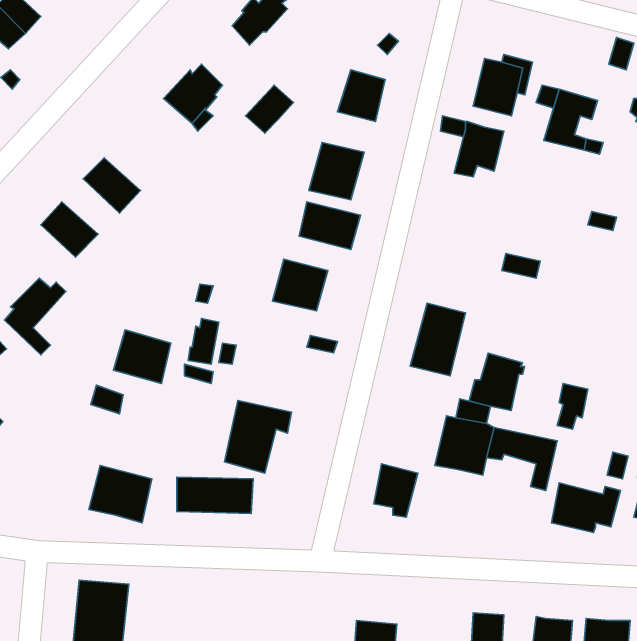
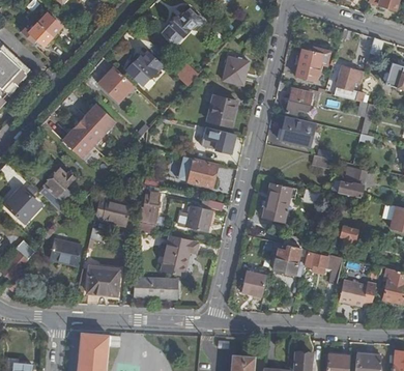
building: none -> [97,67,134,103]
building: none -> [73,115,104,145]
building: none -> [279,116,314,146]
building: none -> [184,204,211,230]
building: [469,353,524,411] -> [337,167,367,198]
building: none -> [50,237,81,262]

